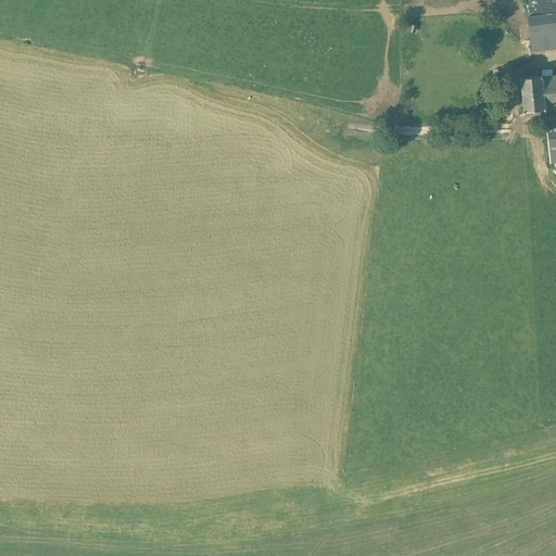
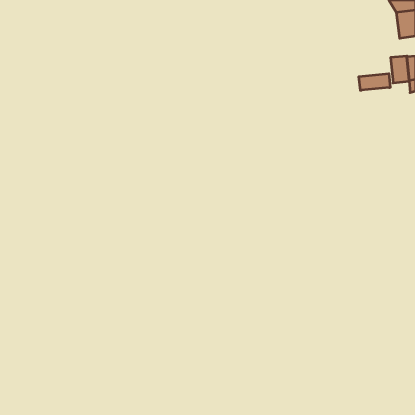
building: none -> [359,74,390,90]

